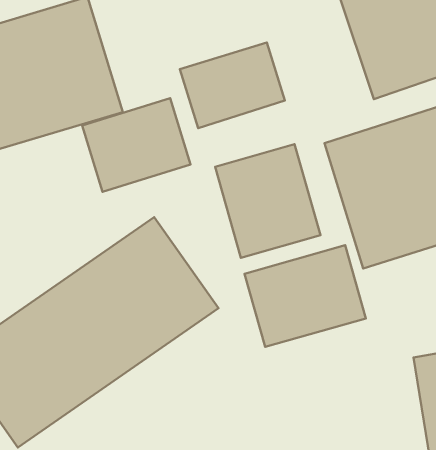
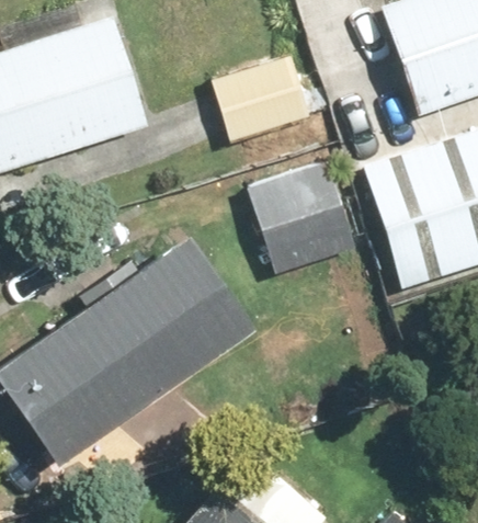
building: [82,98,191,192] -> none
building: [245,245,366,347] -> none

